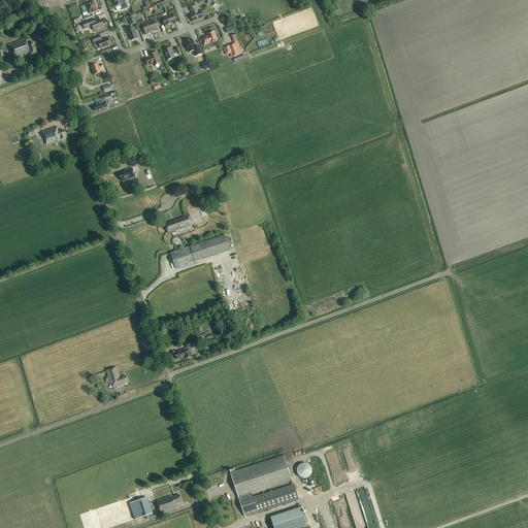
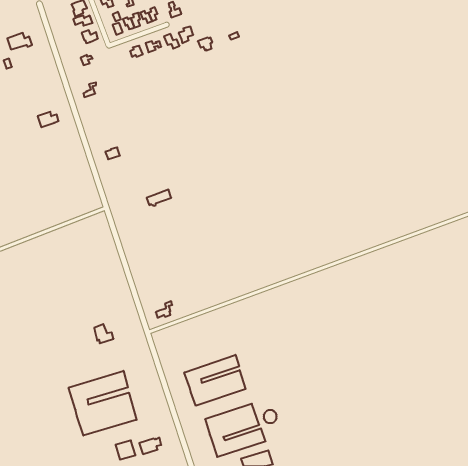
building: [170,233,230,267] -> none
building: none -> [184,355,246,406]
building: none -> [69,371,137,436]

